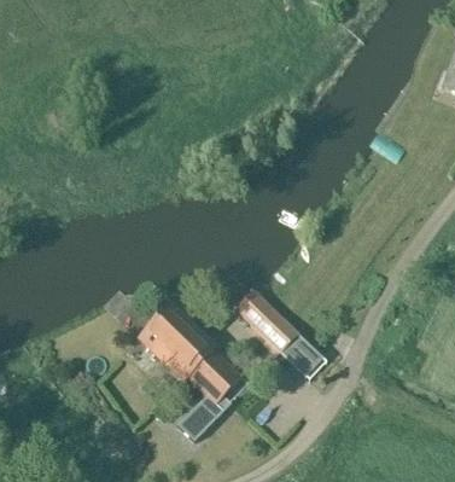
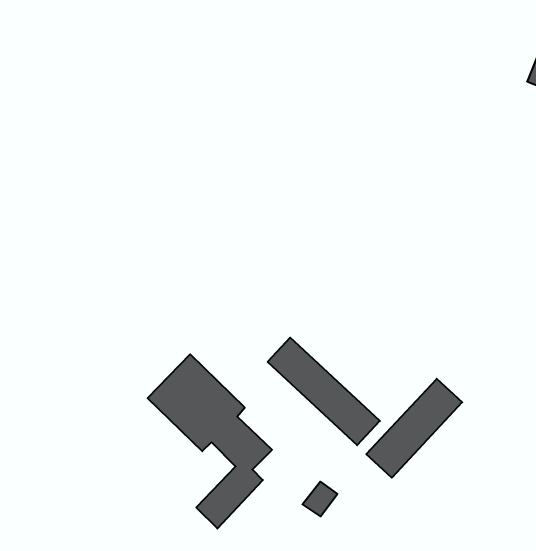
building: none -> [366,379,462,478]

